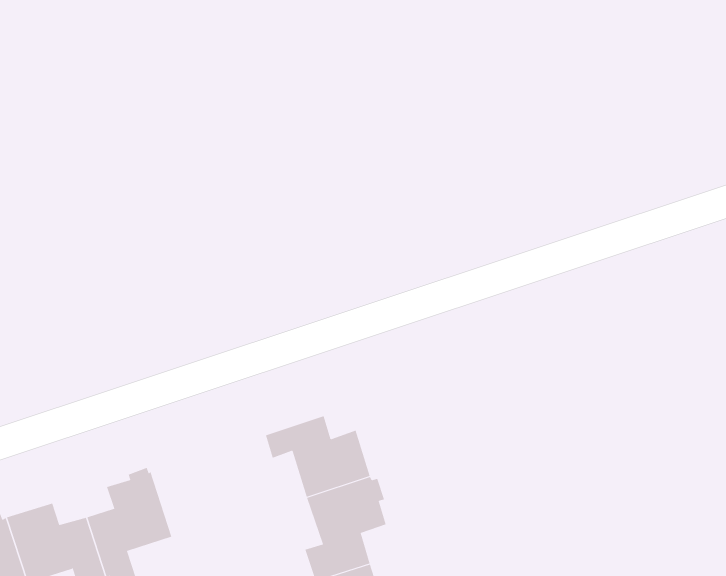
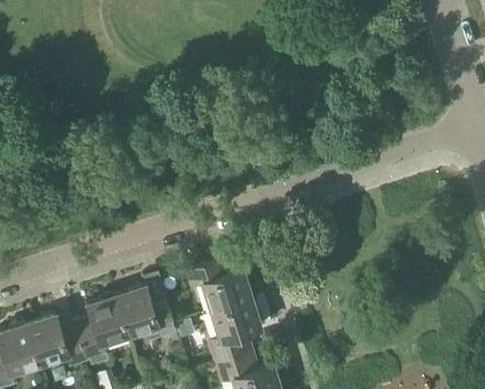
building: none -> [115,287,179,347]

